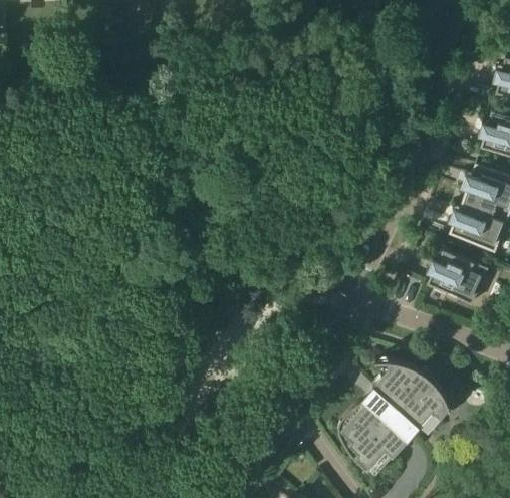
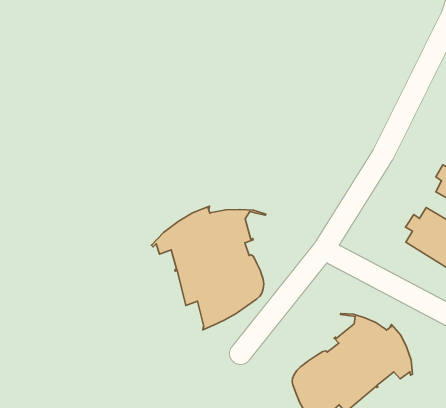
building: none -> [152,206,266,330]

